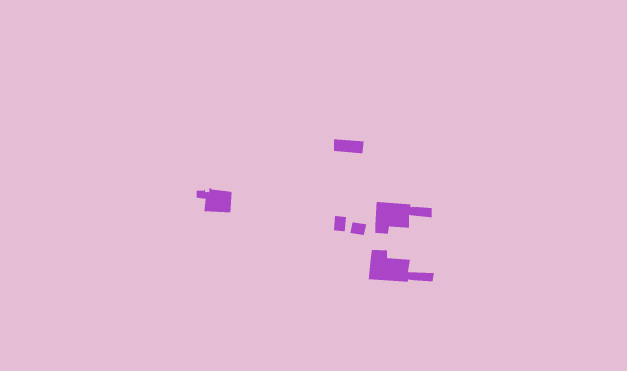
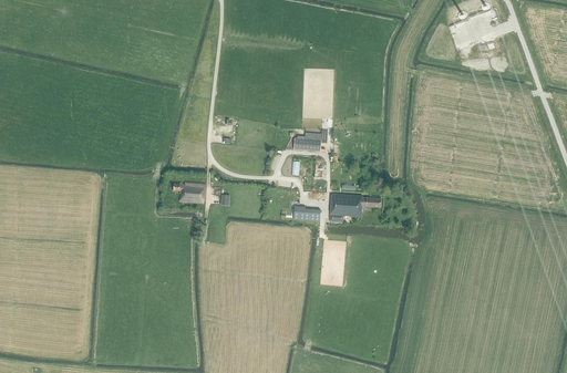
building: [368,249,434,283] -> none

